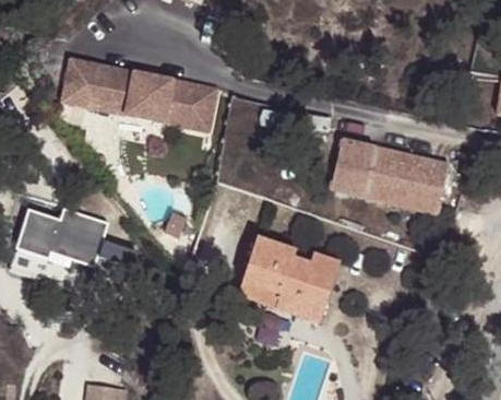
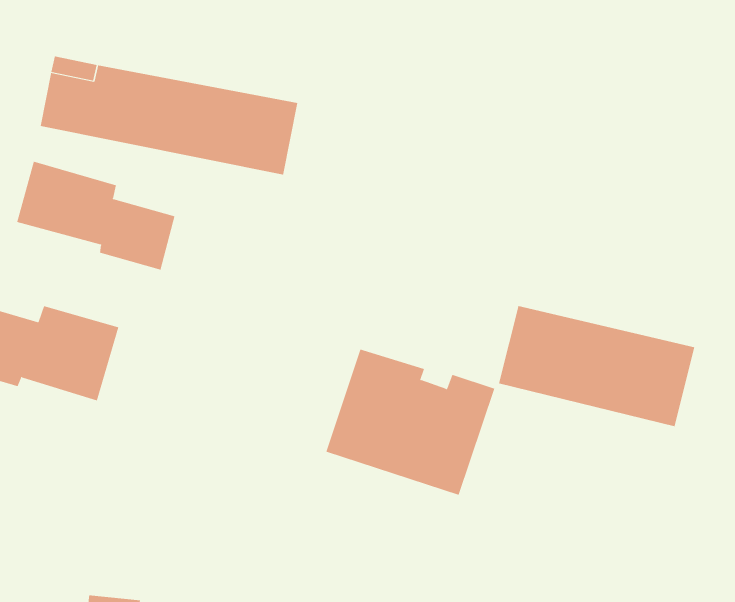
building: none -> [16,161,175,270]
building: [329,140,448,213] -> [498,306,695,427]

